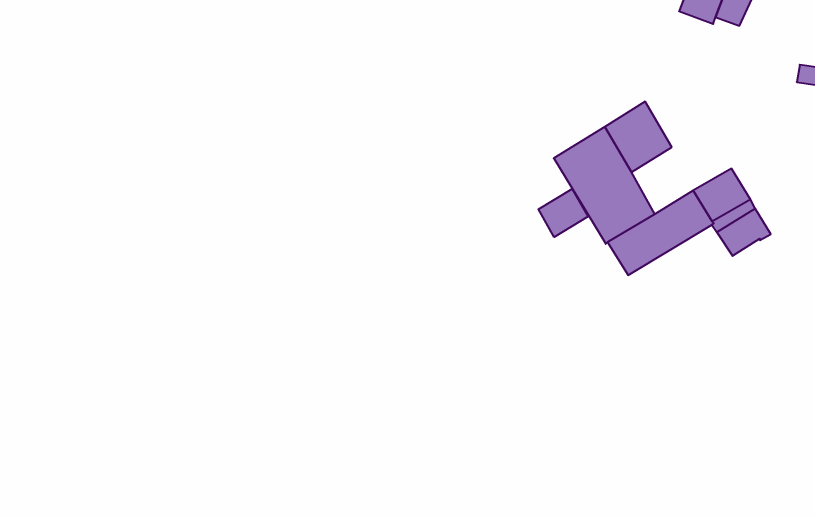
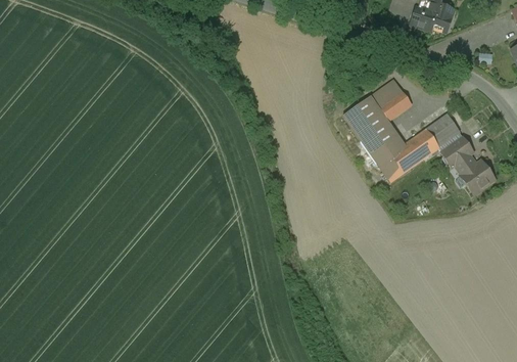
building: [538,189,588,237] -> none
building: none -> [455,154,494,195]

